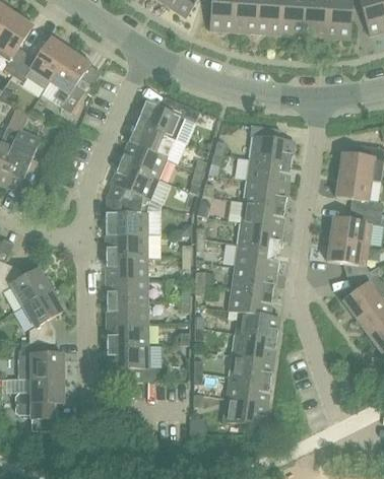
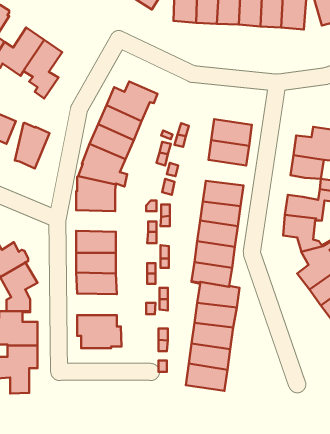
building: none -> [15,123,49,169]
building: [244,179,287,206] -> none
building: [105,232,147,256] -> none
building: [106,322,148,345] -> none

